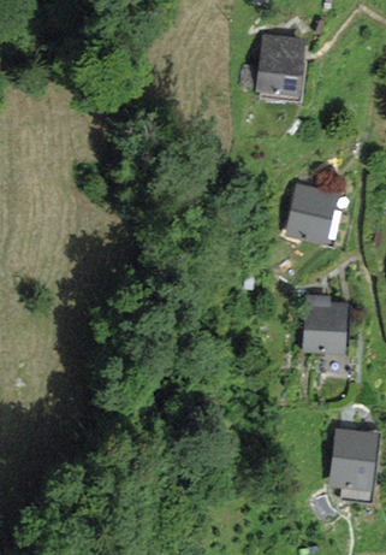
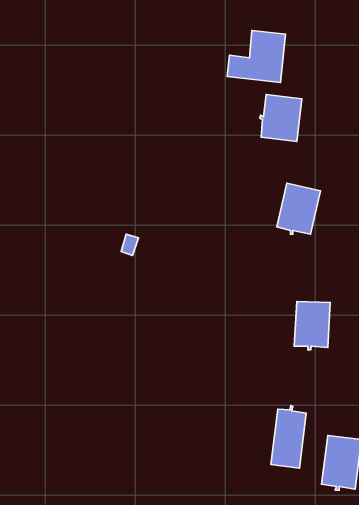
building: none -> [260,95,302,141]
building: none -> [271,406,306,468]

